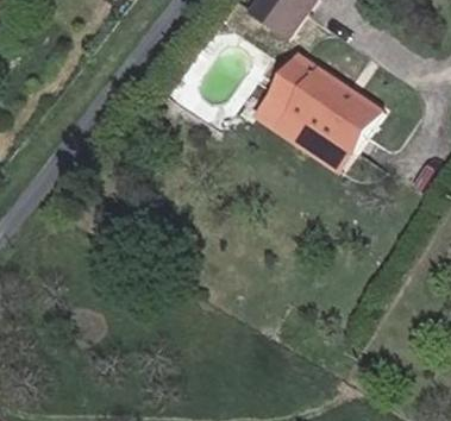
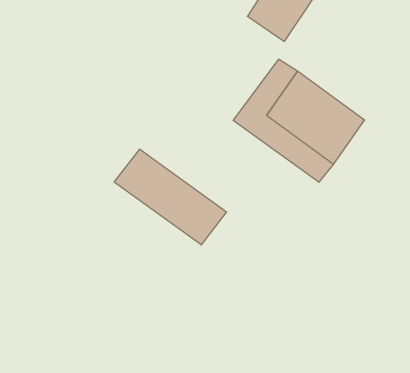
building: none -> [114,149,227,245]

